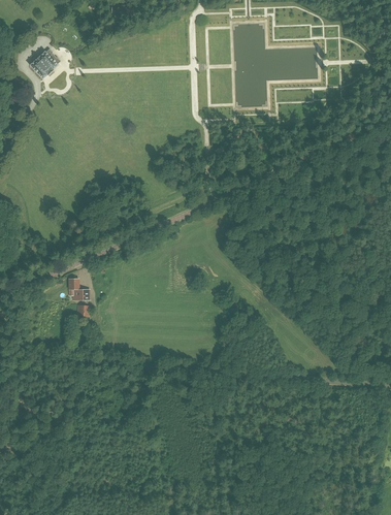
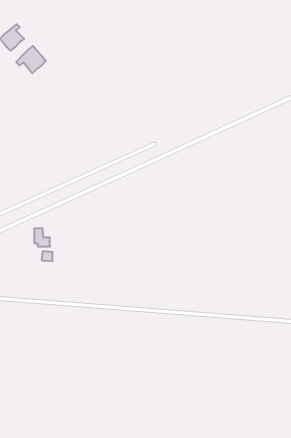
building: none -> [16,46,46,73]

